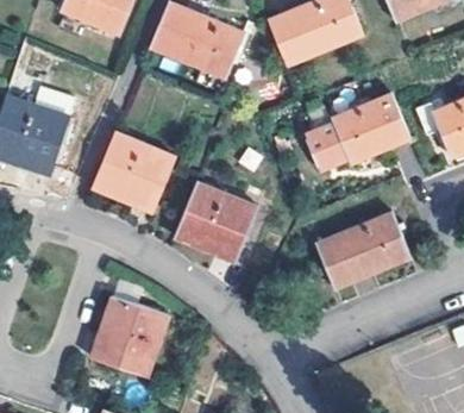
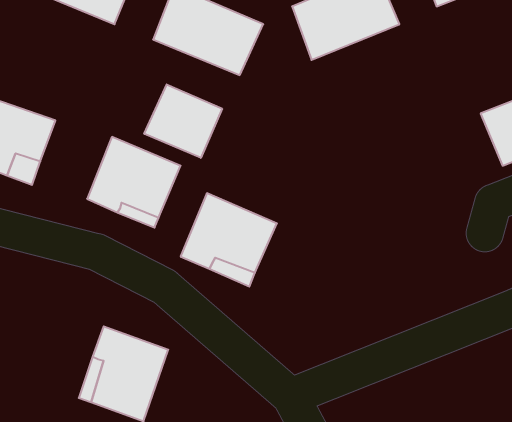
building: none -> [144,84,222,158]
building: [311,93,413,168] -> none
building: [319,211,413,288] -> none

